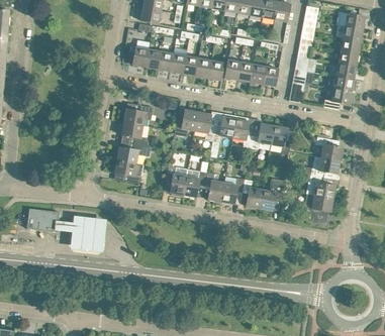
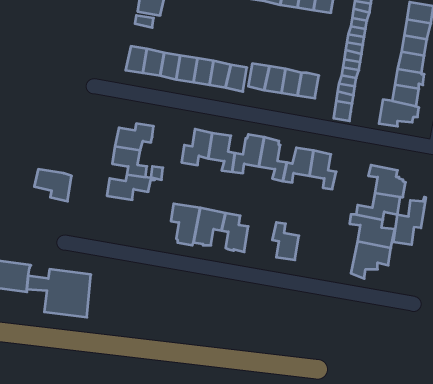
building: [114,159,142,184] -> [34,169,72,201]
building: none -> [394,197,426,245]
building: [221,177,246,204] -> none
building: [260,179,283,211] -> none

